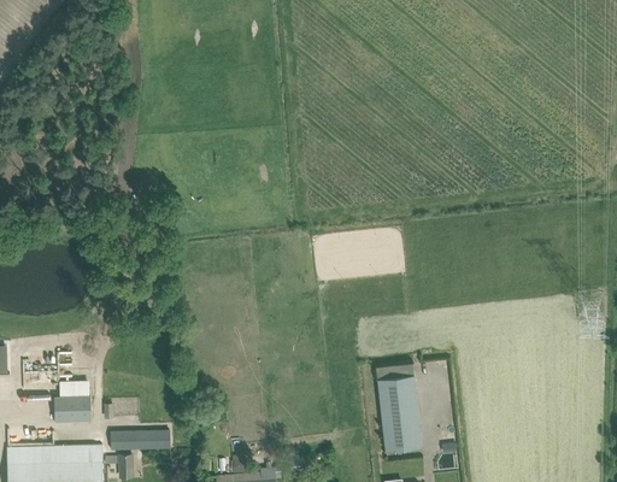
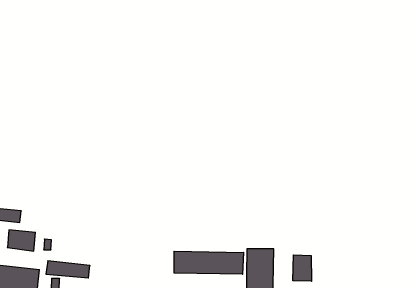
building: none -> [293,255,312,281]
building: none -> [174,251,244,274]

